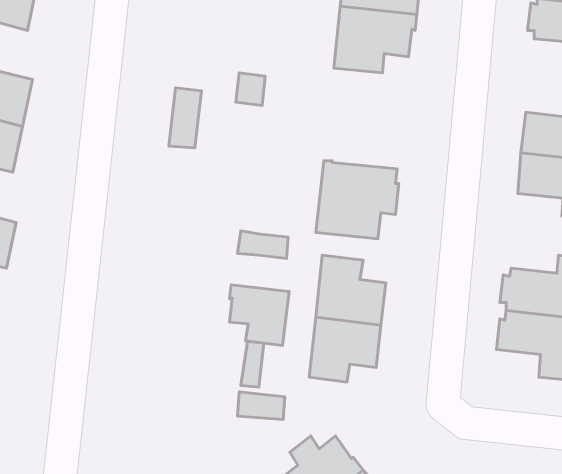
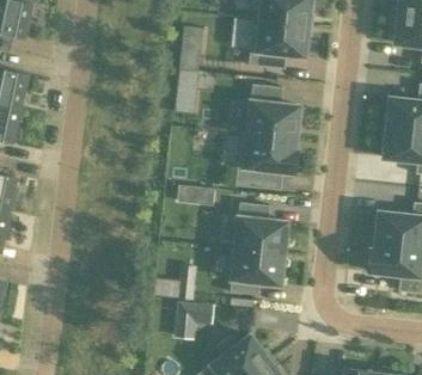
building: [169,88,202,148] -> [178,25,202,69]
building: none -> [246,84,300,139]
building: [229,285,289,345] -> none

